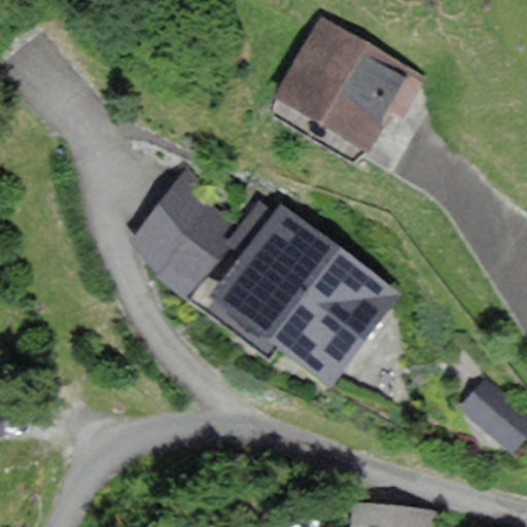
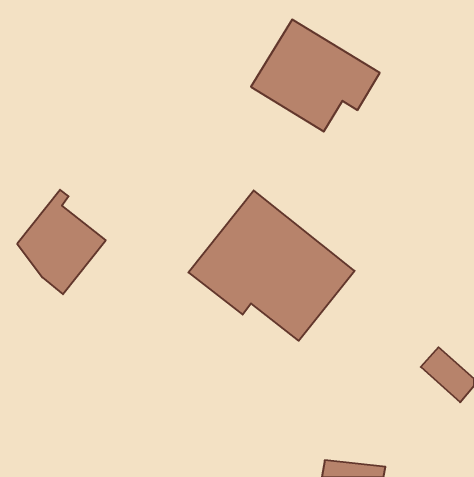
building: [134,176,232,291] -> [17,190,106,294]

